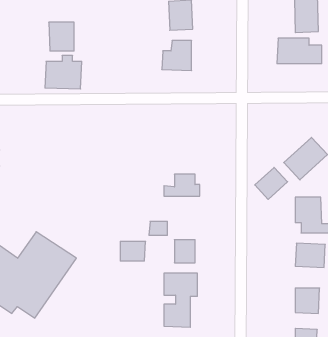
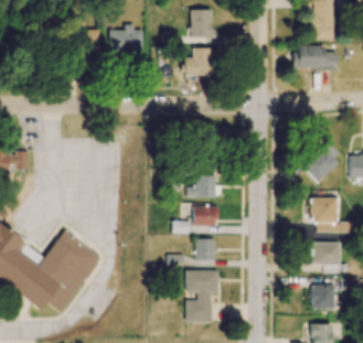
building: [45,56,82,89] -> [109,24,145,56]
building: [255,167,288,199] -> none
building: [120,241,146,261] -> [194,206,218,225]

